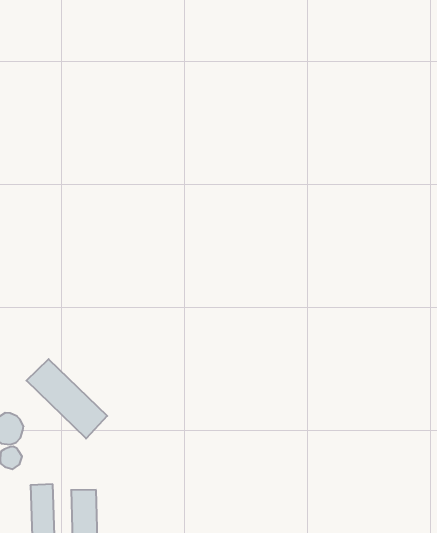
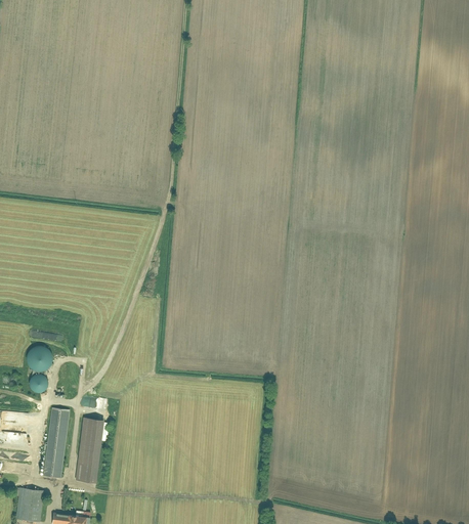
building: [26,359,107,439] -> none

